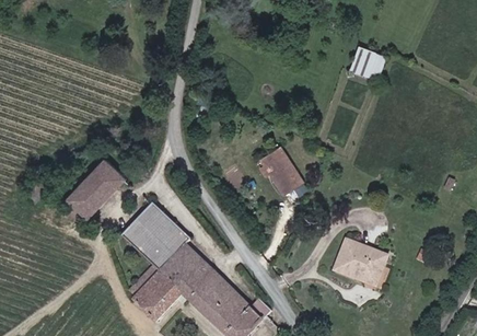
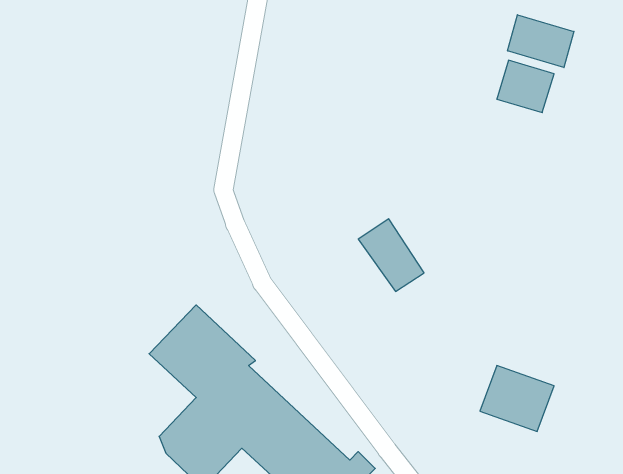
building: none -> [508,15,574,68]
building: [67,160,125,220] -> none

